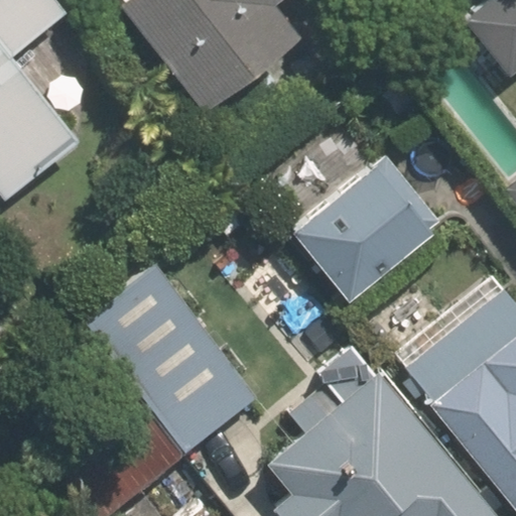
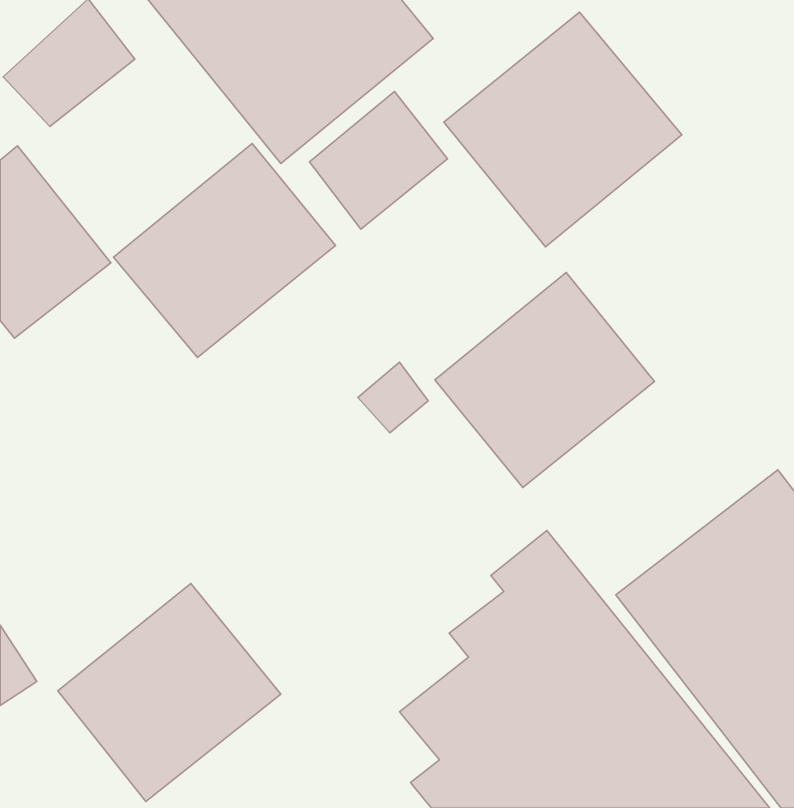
building: none -> [444,12,682,247]
building: none -> [114,143,335,358]
building: [92,245,273,439] -> none

